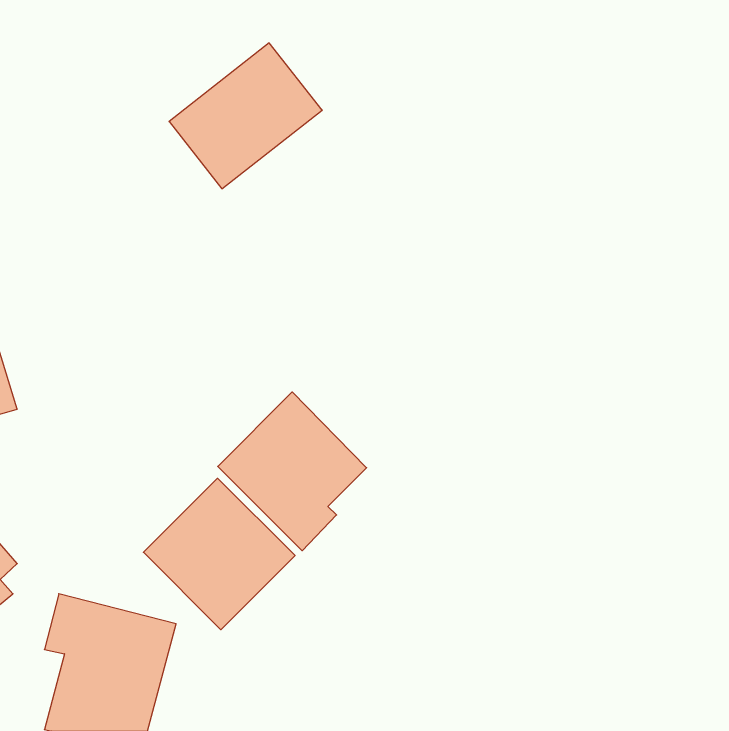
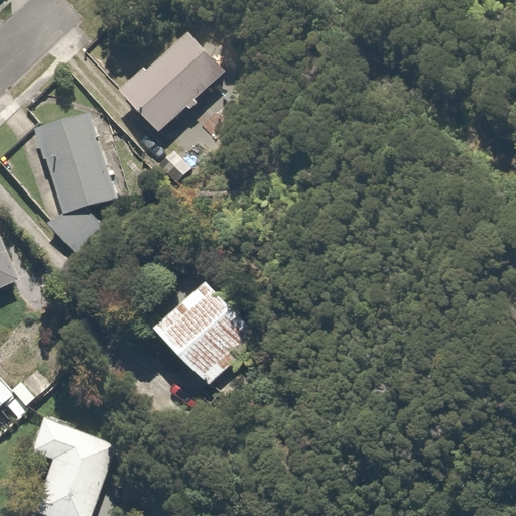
building: none -> [35,115,112,259]
building: [143,478,295,630] -> none

